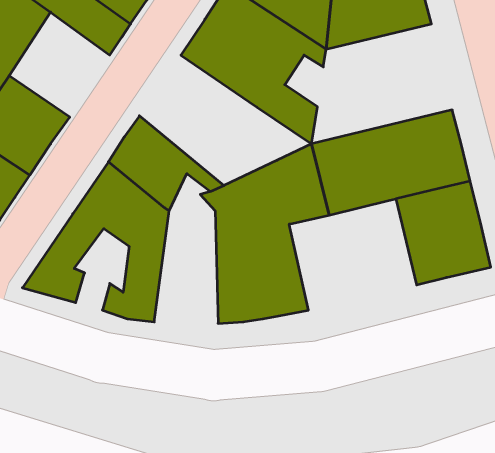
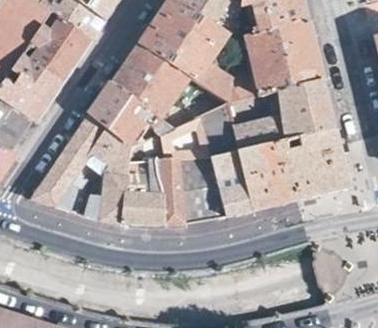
building: none -> [22,13,90,84]
building: none -> [227,21,322,102]
building: none -> [110,42,204,130]
building: none -> [120,136,163,224]
building: none -> [212,139,298,215]

